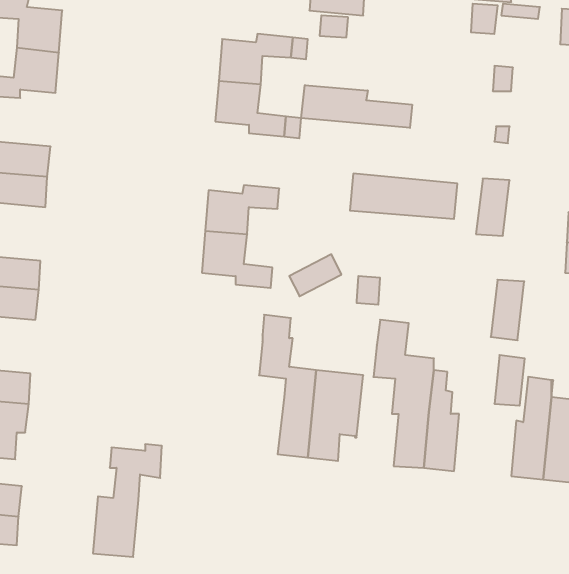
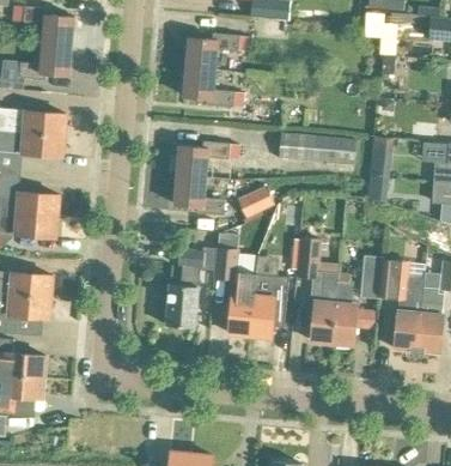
building: [301,85,412,128] -> none
building: [491,280,524,340] -> [359,256,383,299]
building: [93,444,162,557] -> [165,247,214,327]

